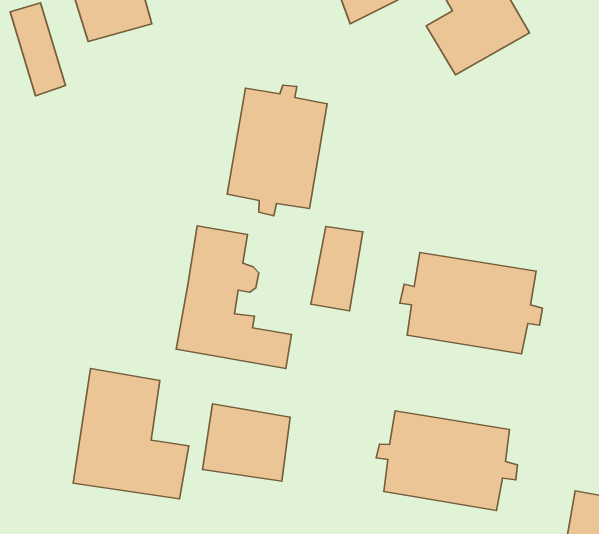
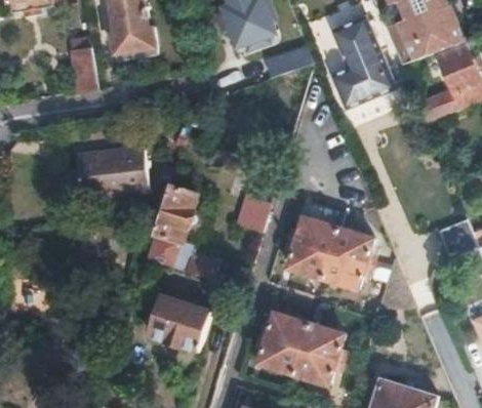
building: [227,85,327,216] -> none
building: none -> [58,148,145,200]
building: [73,369,189,499] -> none

